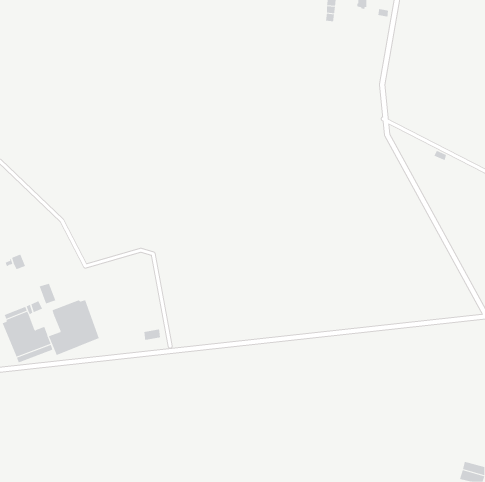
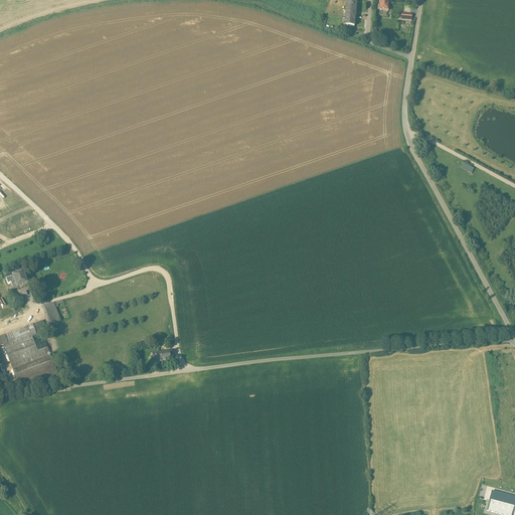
building: [48,299,100,356] -> none

